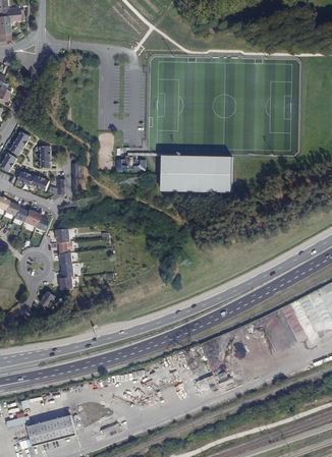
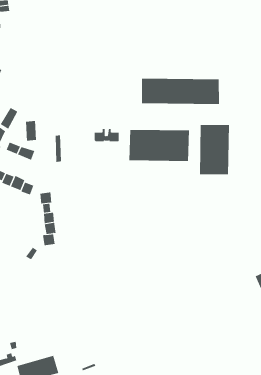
building: none -> [141,78,219,105]
building: none -> [199,124,229,175]

